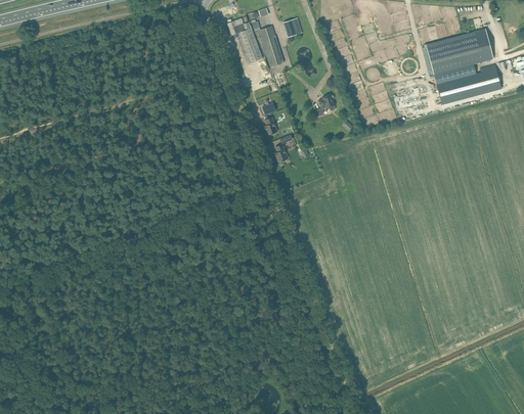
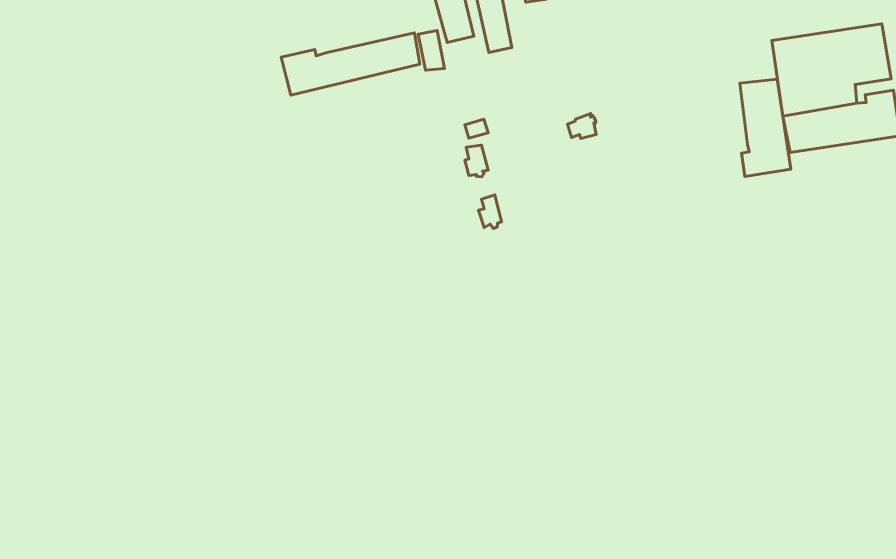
building: none -> [281,33,420,95]
building: none -> [740,79,791,177]

